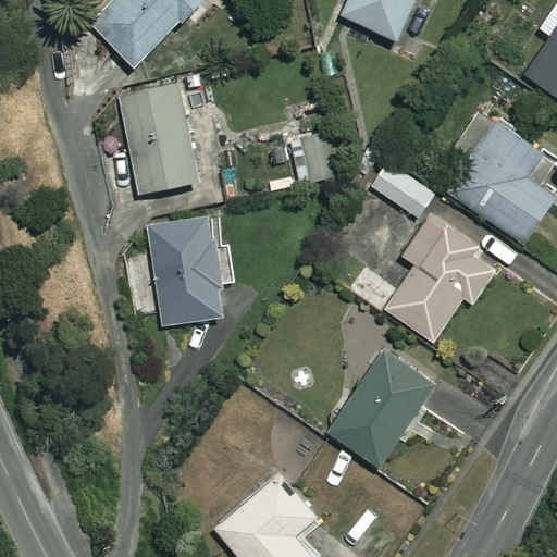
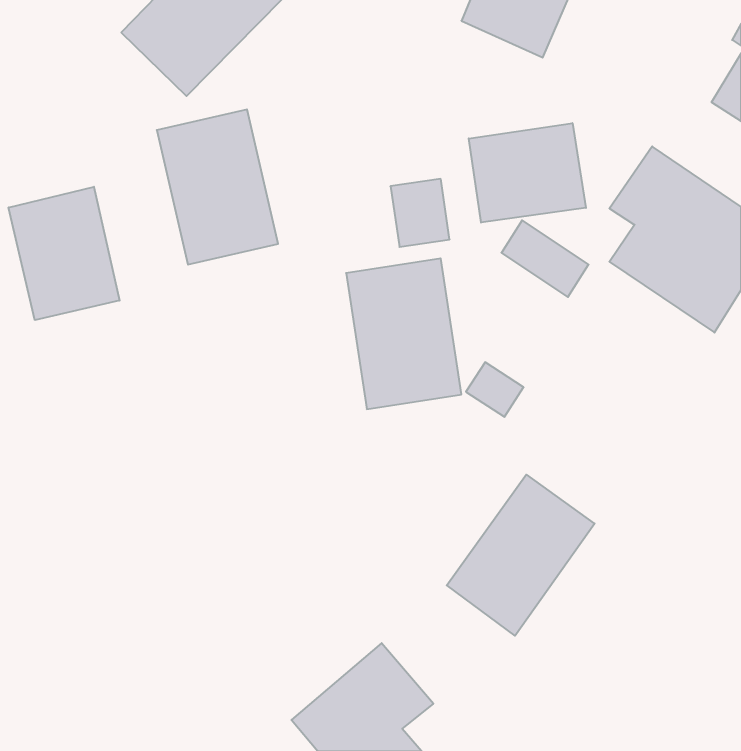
building: none -> [469,123,586,223]
building: none -> [9,187,120,320]
building: [382,213,499,342] -> none
building: [145,215,230,326] -> [346,258,461,409]

